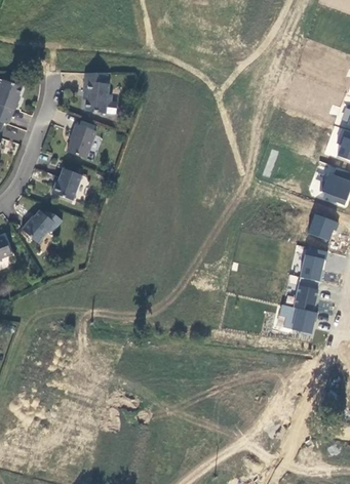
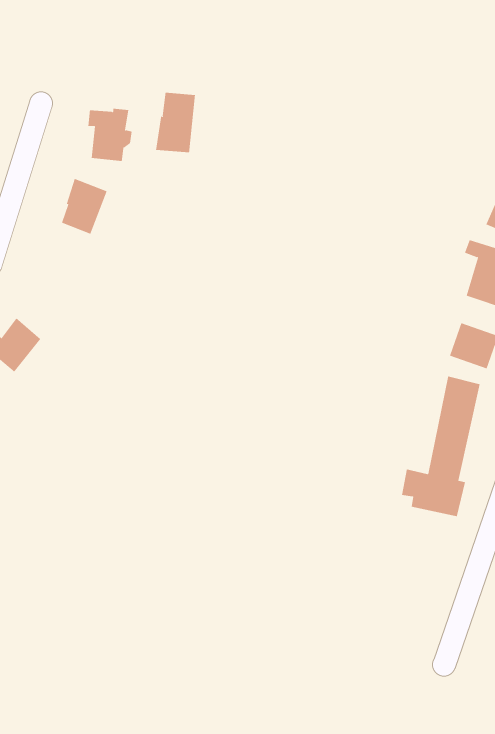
building: none -> [156,92,195,153]
building: [51,168,82,200] -> none

